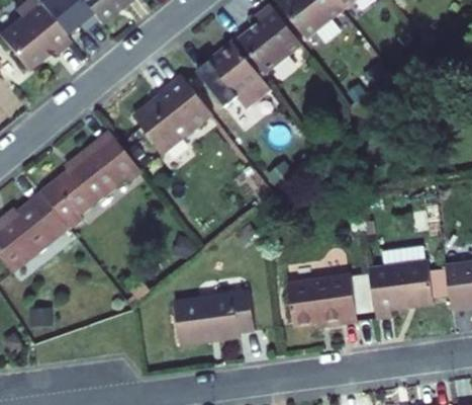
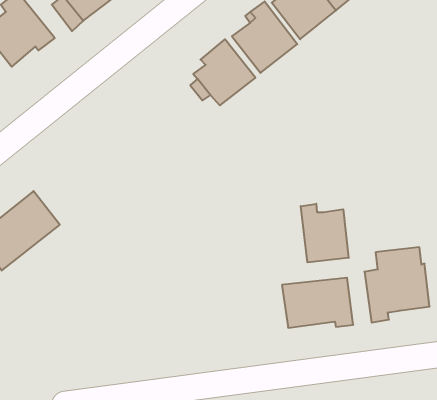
building: [133,71,212,152] -> none
building: [42,131,143,228] -> none
building: none -> [301,204,349,262]
building: [174,292,254,345] -> none

